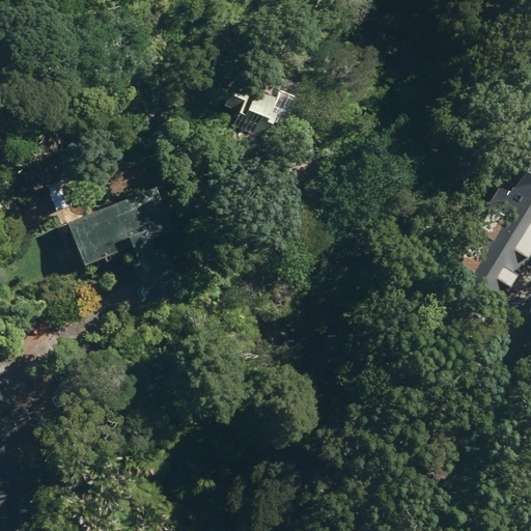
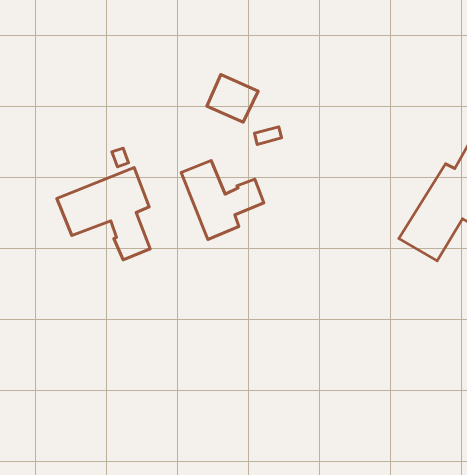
building: none -> [181,161,264,239]

